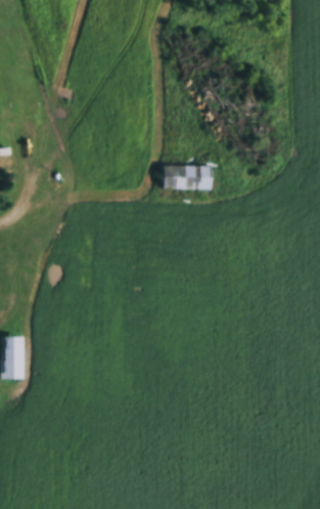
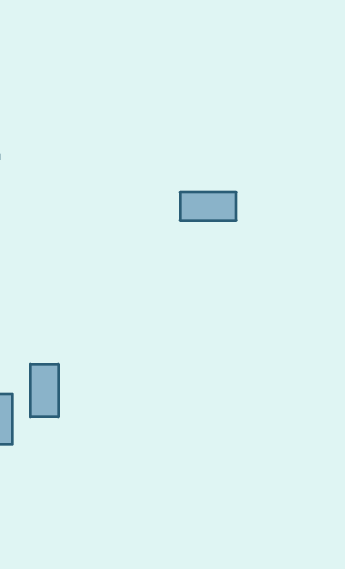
building: none -> [30,364,58,417]

